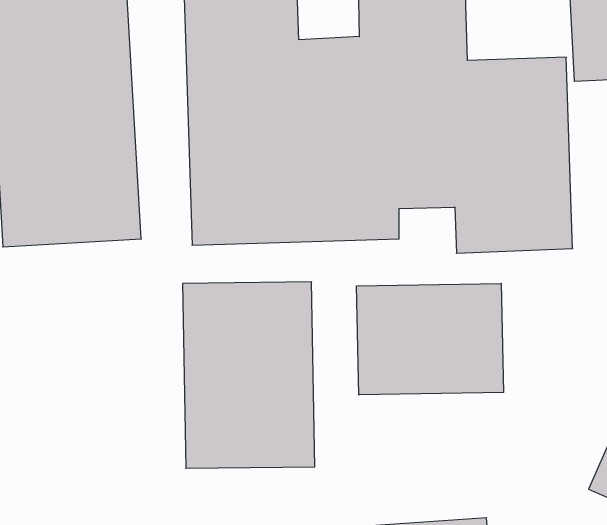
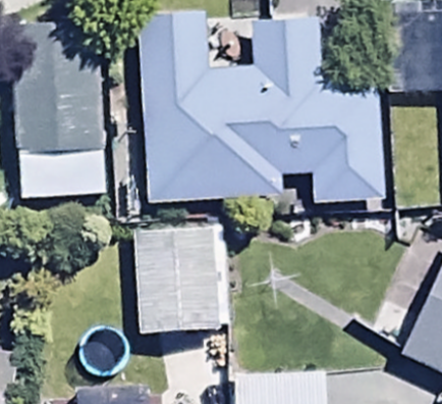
building: [357,283,504,395] -> none

